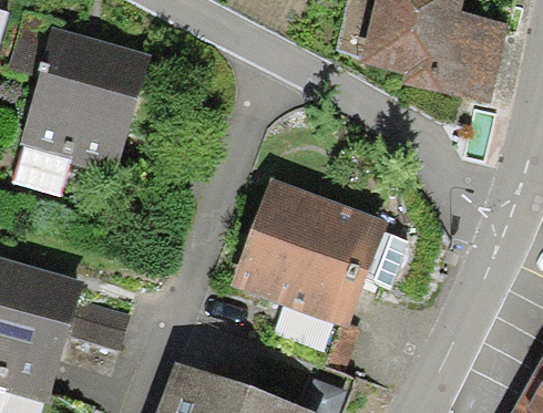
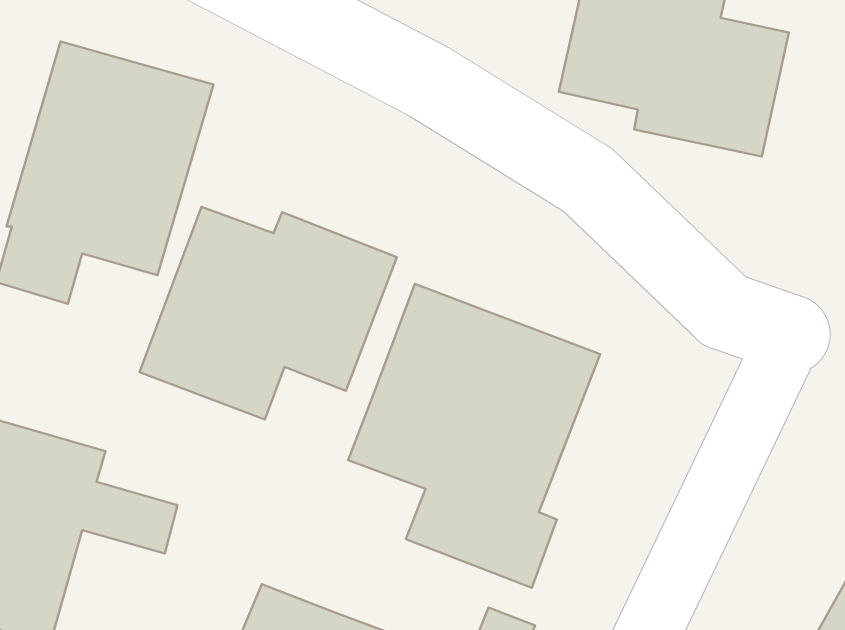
building: none -> [139,207,397,419]

